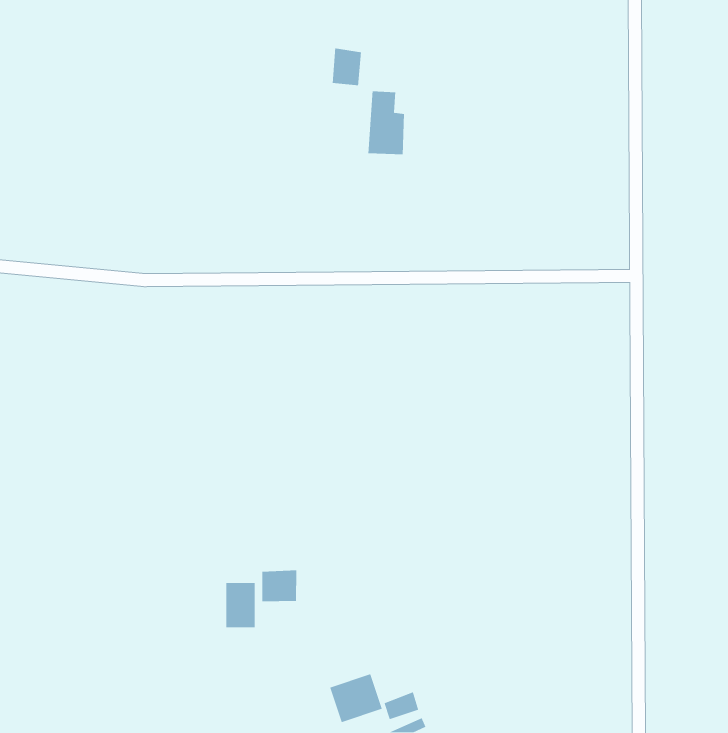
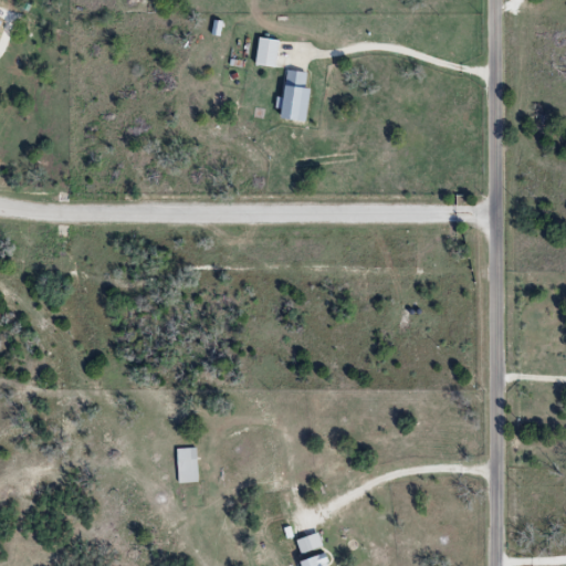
building: [262,569,297,602] -> none
building: [329,673,383,723] -> none

